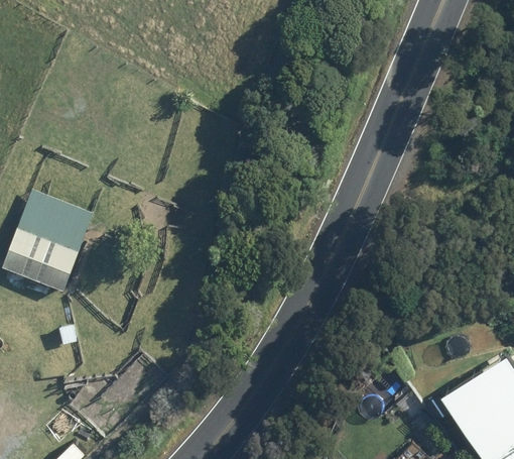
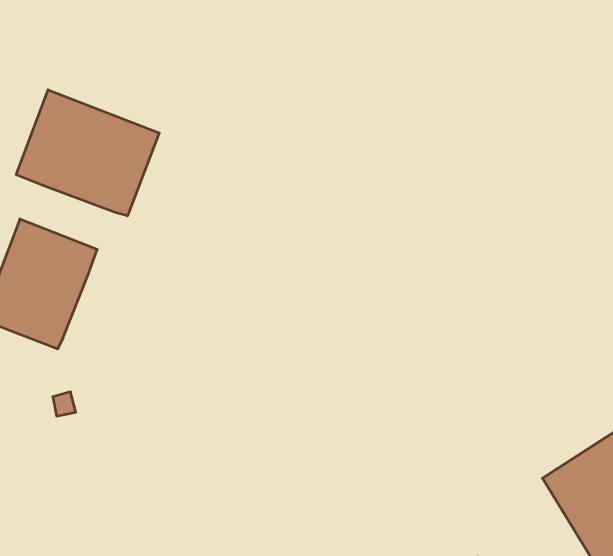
building: none -> [16,90,159,216]

